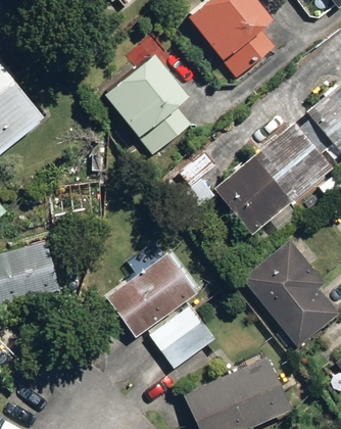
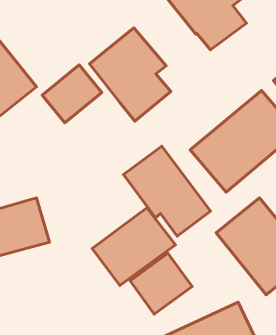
building: none -> [42,65,102,123]
building: none -> [124,146,211,236]

